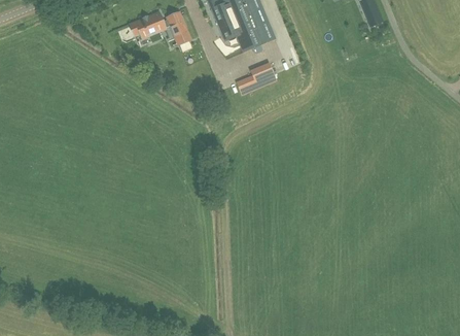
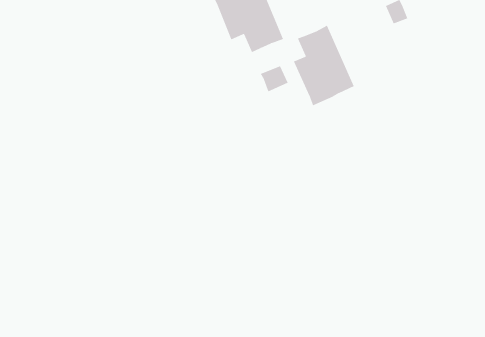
building: [130,11,190,44] -> none
building: none -> [293,25,355,106]

